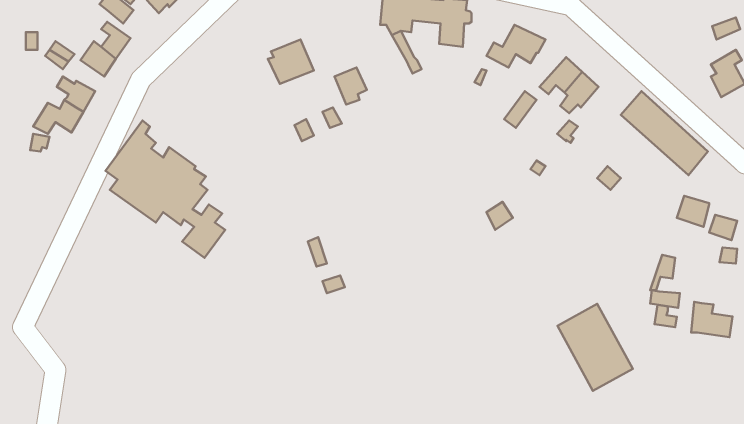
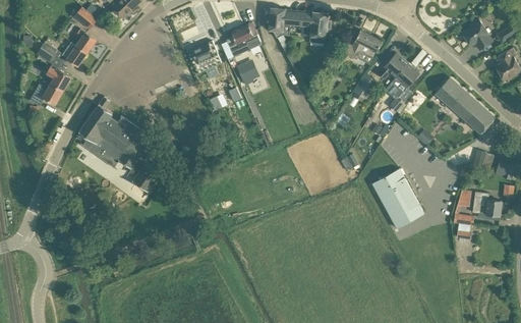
building: none -> [461,19,493,50]
building: none -> [226,23,262,57]
building: [691,302,733,337] -> [473,192,502,216]
building: [557,304,633,391] -> [371,168,423,228]

